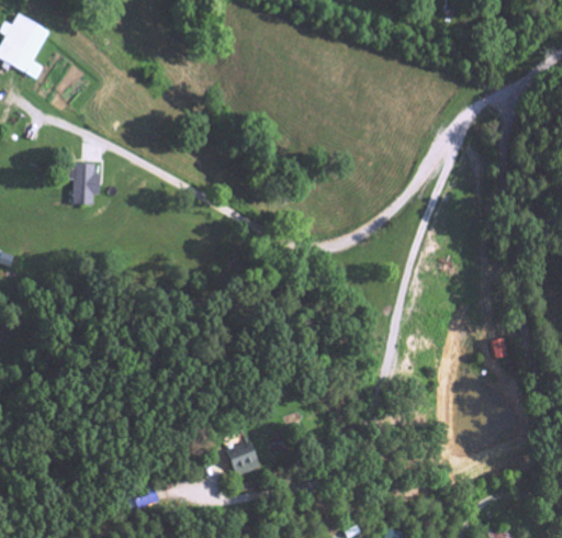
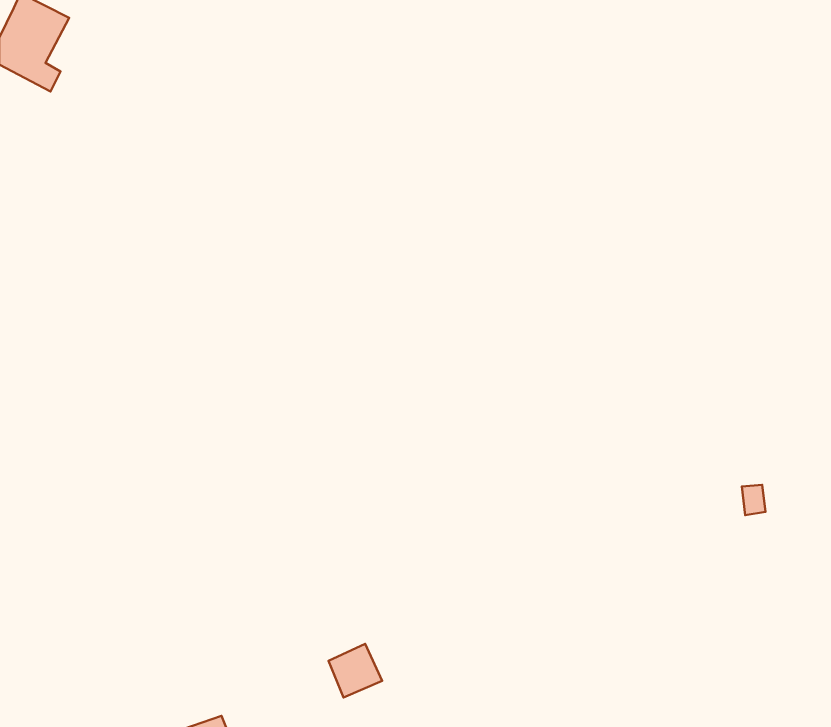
building: [72,161,100,203] -> none

